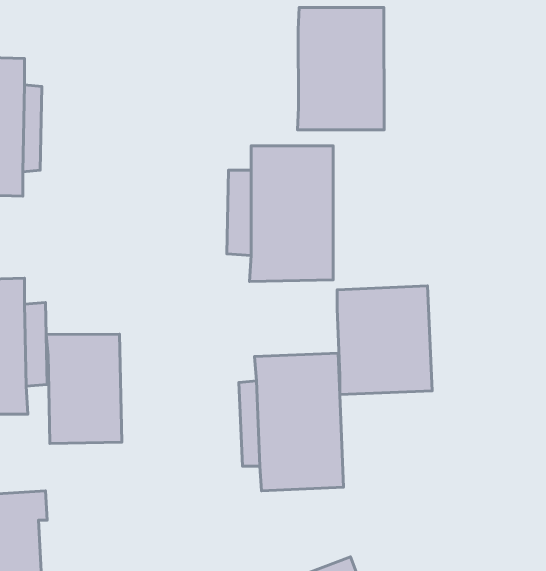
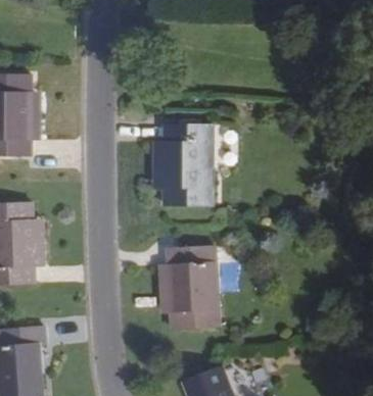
building: [298,7,384,130] -> none
building: [337,286,432,395] -> none
building: [46,334,122,444] -> none

